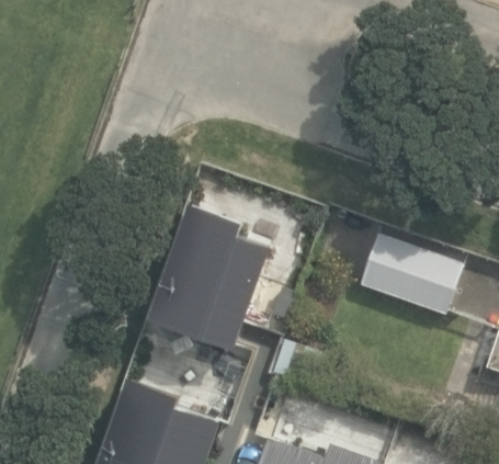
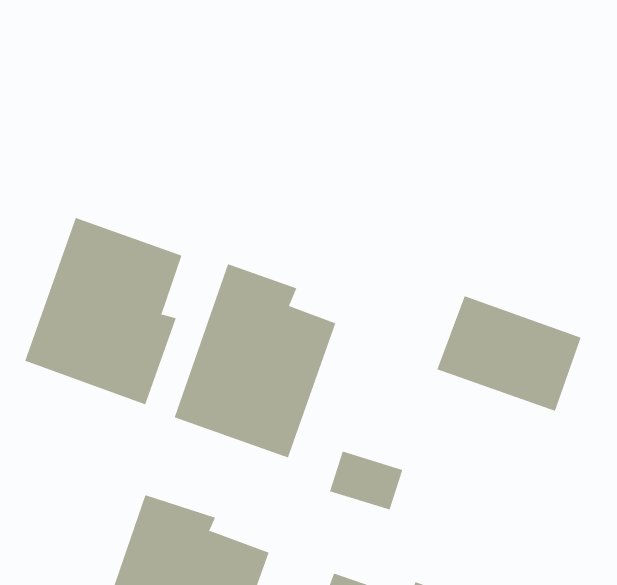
building: none -> [24,217,182,405]

